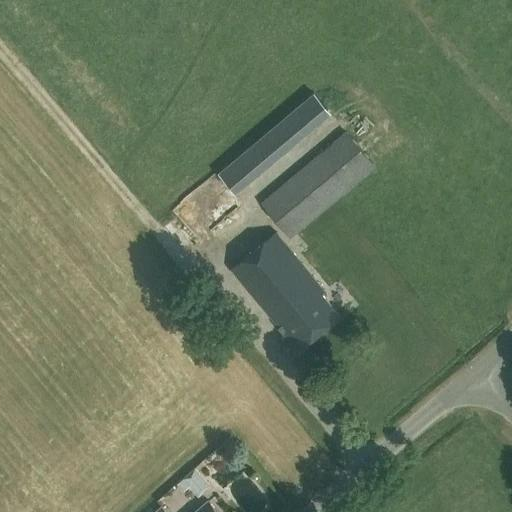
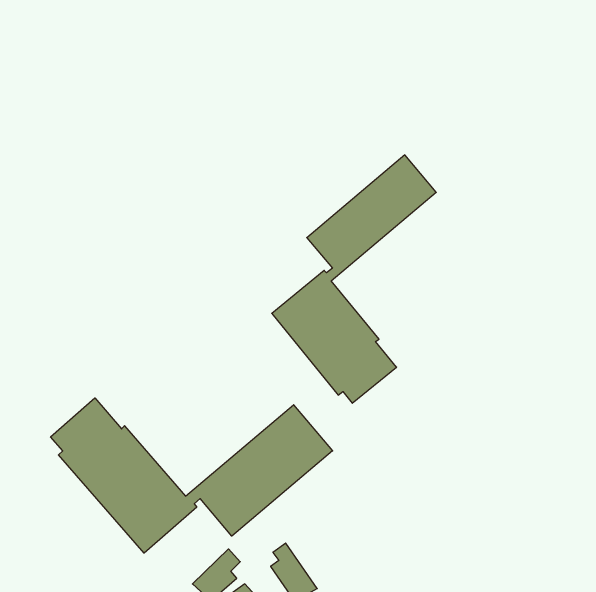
building: [218,91,334,191] -> none
building: none -> [51,398,333,553]

